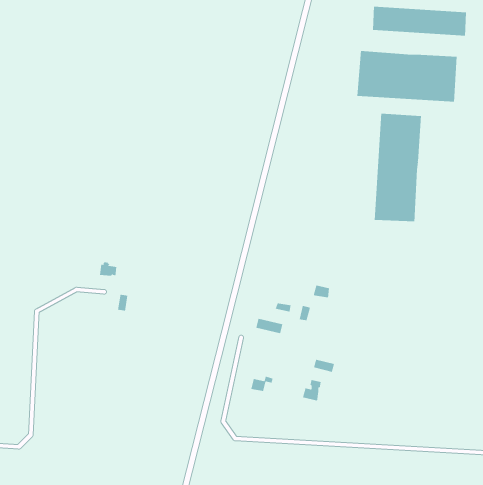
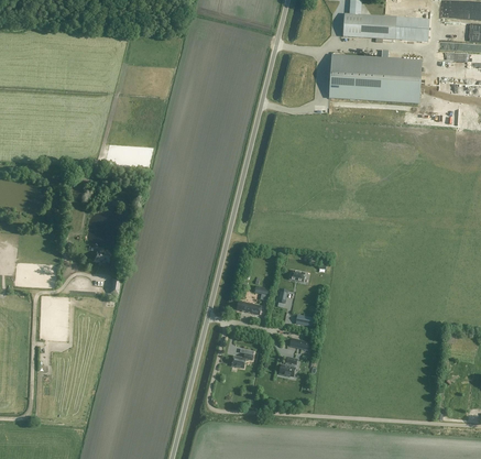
building: [374,113,421,222] -> none

